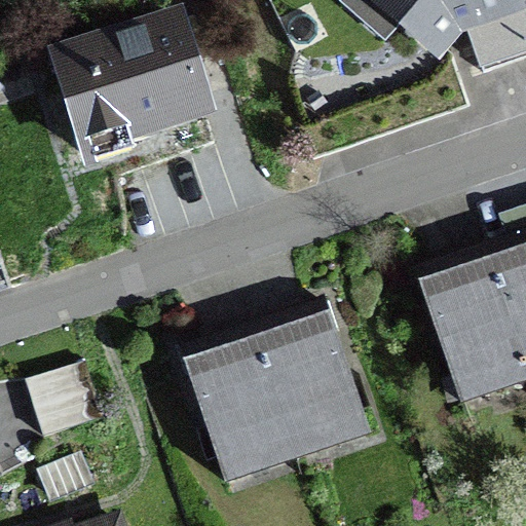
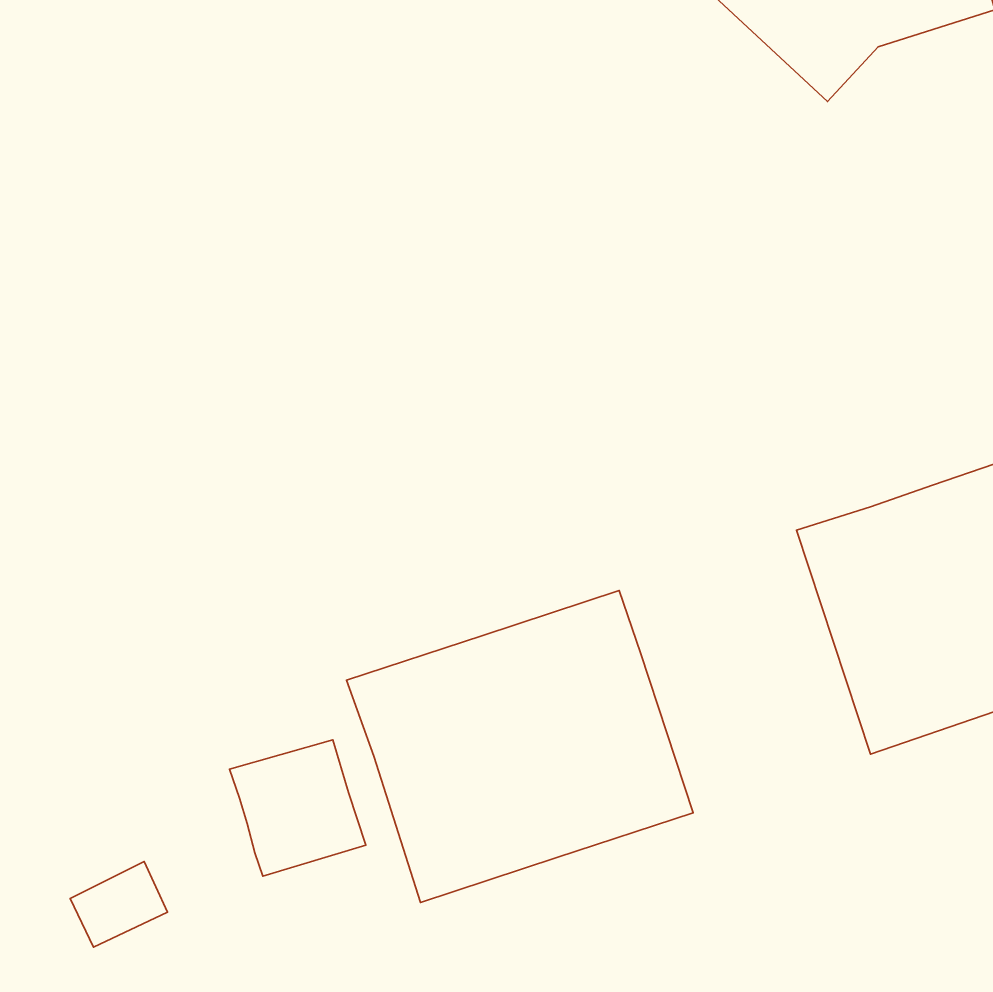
building: [47,6,212,160] -> none
building: [26,365,98,437] -> [230,740,366,876]

